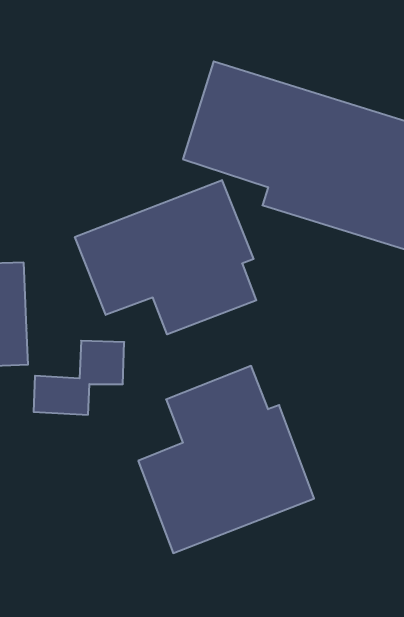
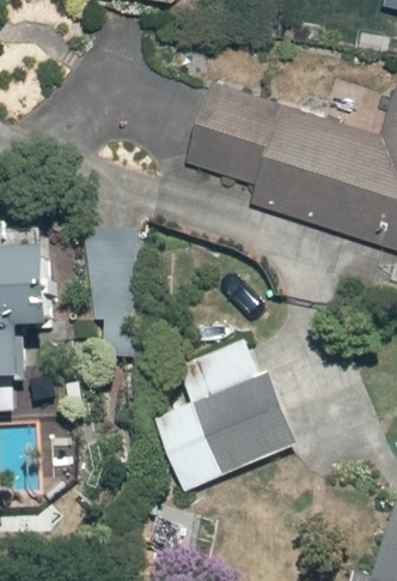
building: [75,180,256,334] -> none

